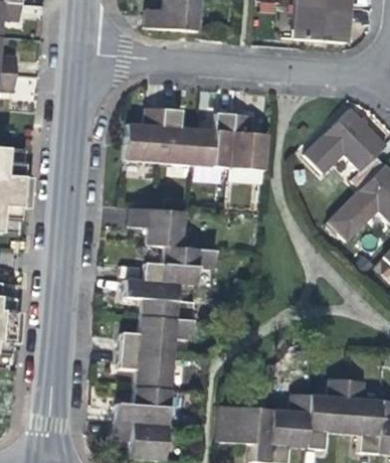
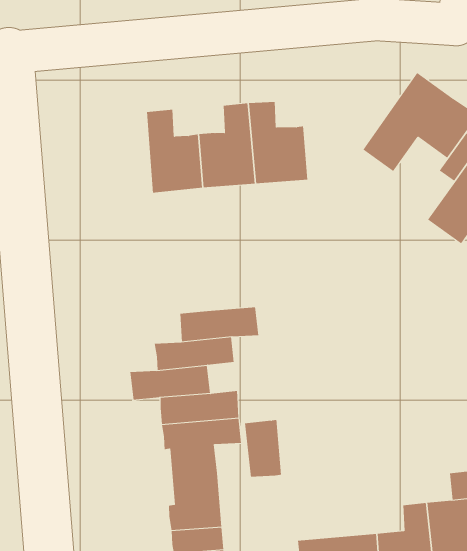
building: [126,105,165,161] -> none
building: [130,206,183,245] -> none
building: [120,331,144,369] -> [244,419,282,477]

